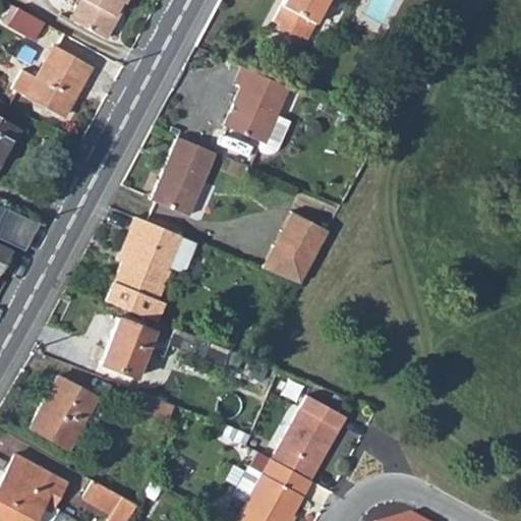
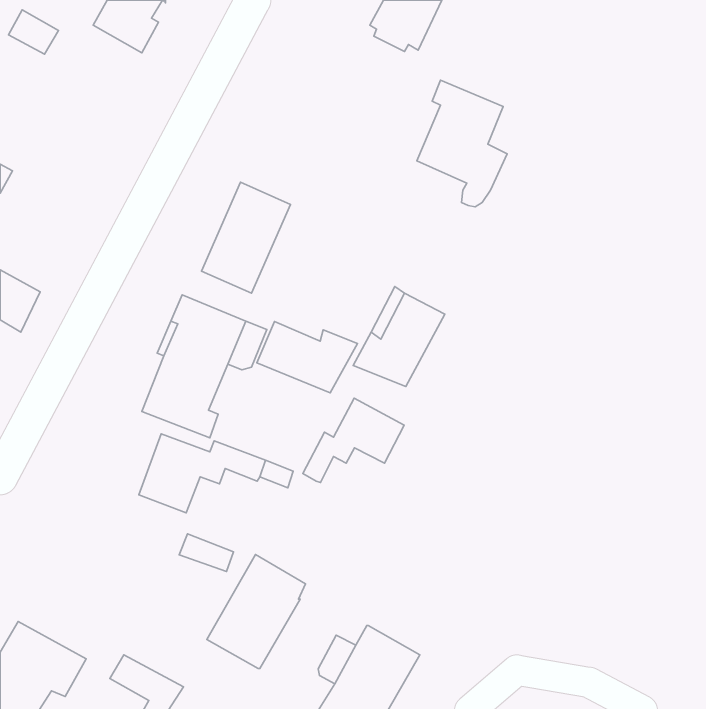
building: [13,47,92,117] -> none
building: [225,66,291,159] -> [417,80,507,207]
building: none -> [257,321,357,393]
building: none -> [303,398,404,482]
building: [31,377,97,447] -> none
building: [273,397,345,480] -> [207,555,306,669]

